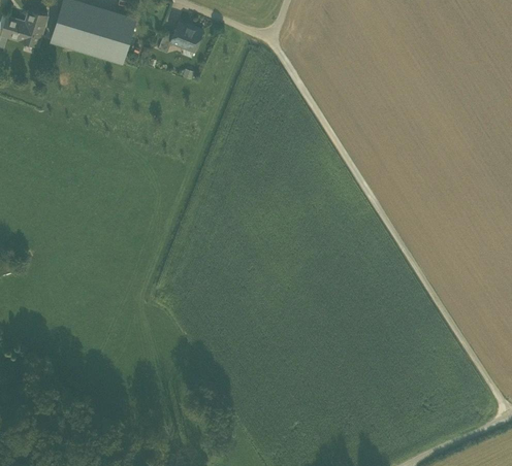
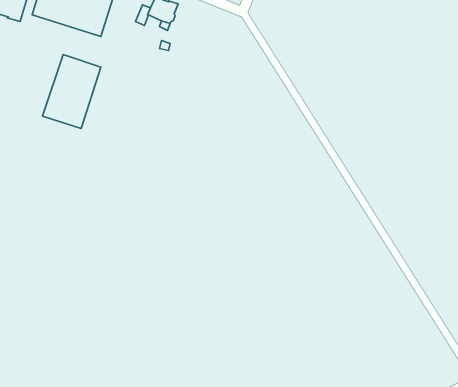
building: none -> [43,55,101,128]

